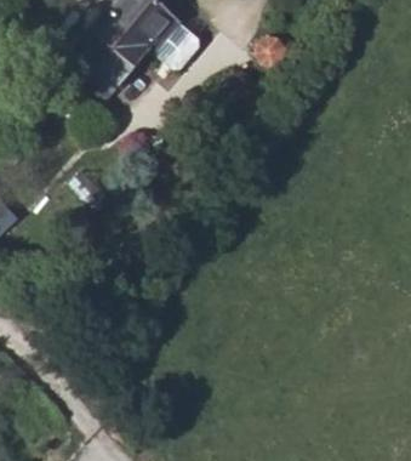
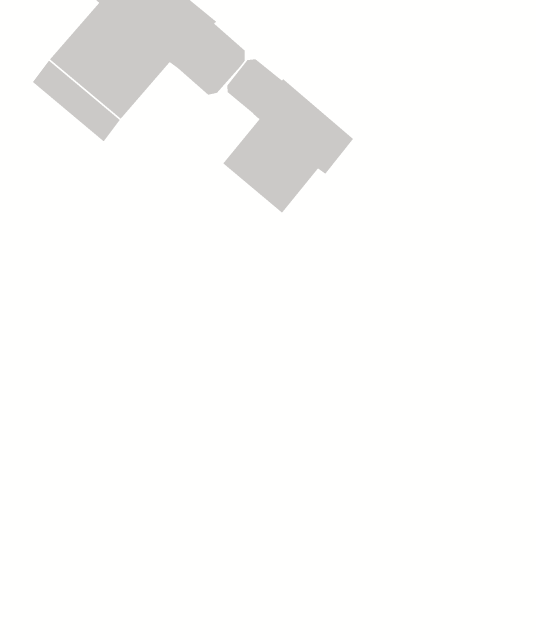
building: none -> [222,58,354,214]

